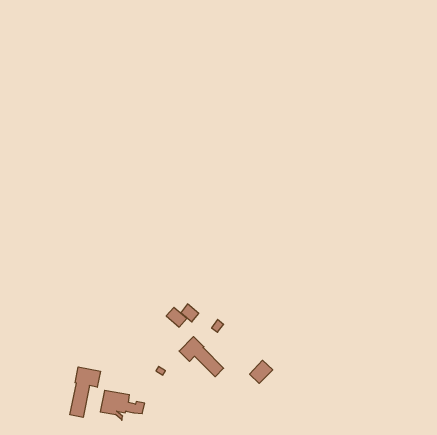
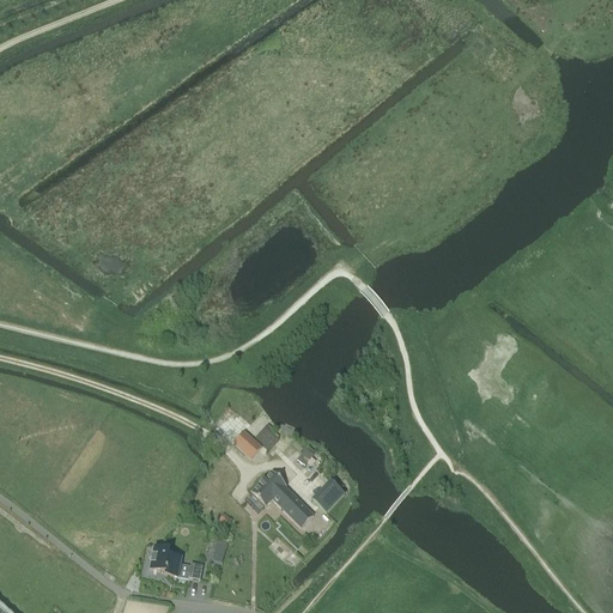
building: [250,360,273,383] -> [312,480,345,512]
building: [70,367,100,417] -> none

